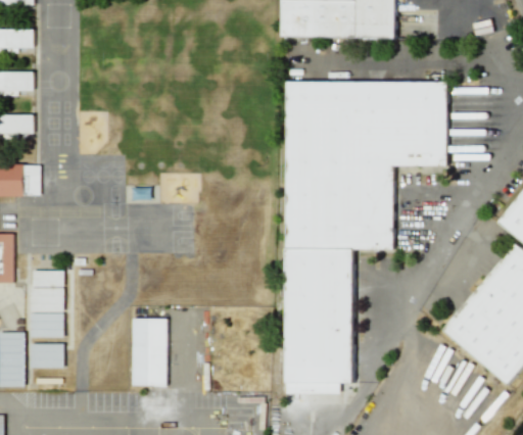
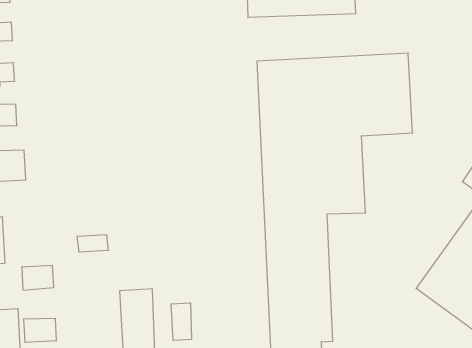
building: [29,271,61,287] -> [77,235,109,252]
building: [27,313,60,337] -> none
building: none -> [171,303,192,340]

